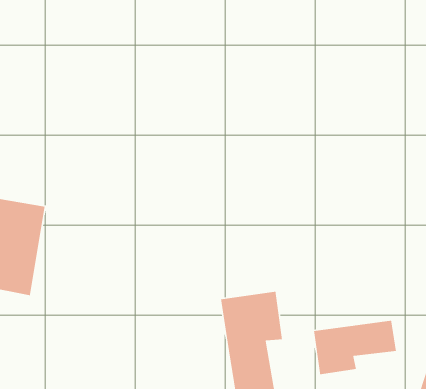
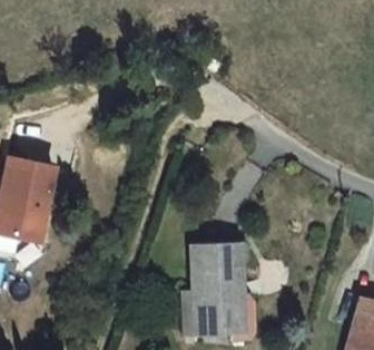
building: [313,320,397,375] -> none

